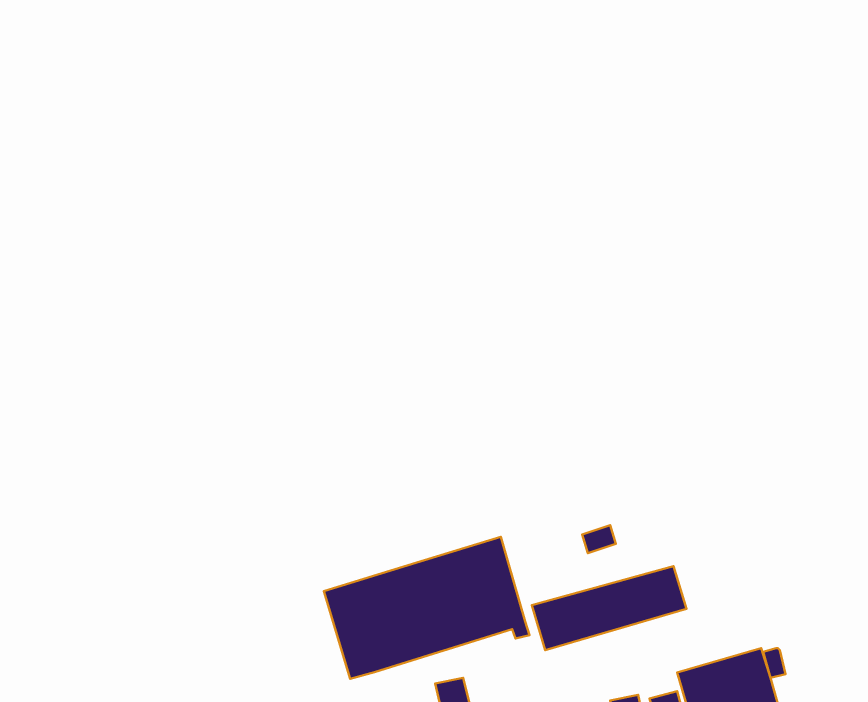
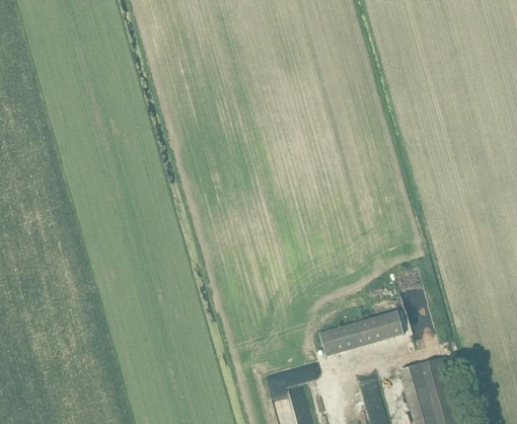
building: [324,537,529,679] -> none

